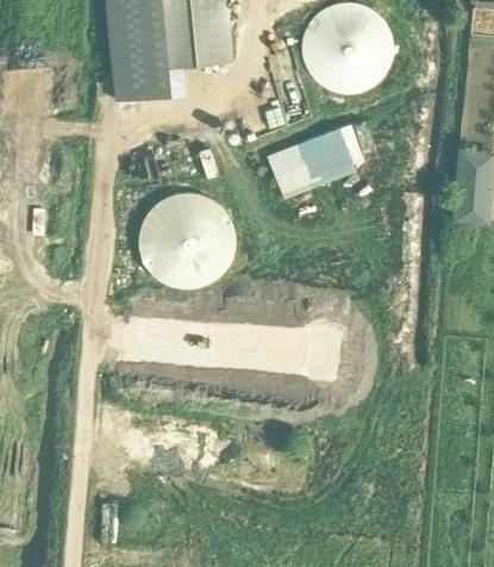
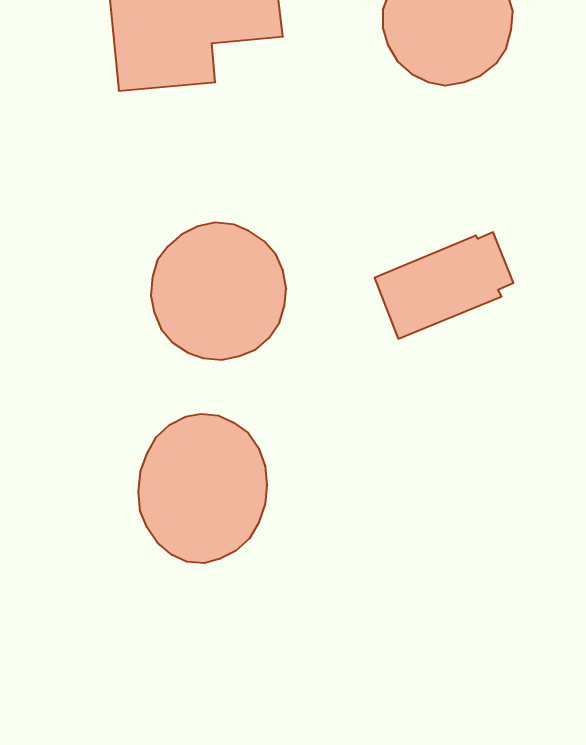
building: [268,124,365,199] -> [375,232,513,339]
building: none -> [139,414,267,563]

